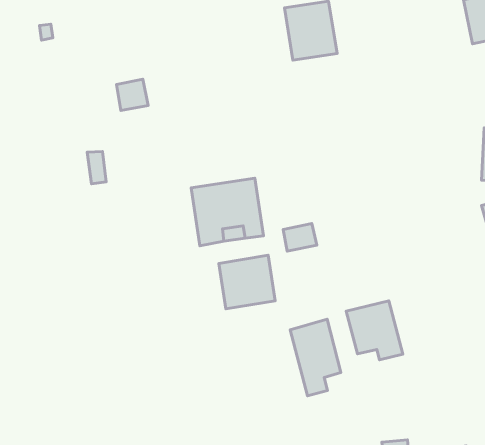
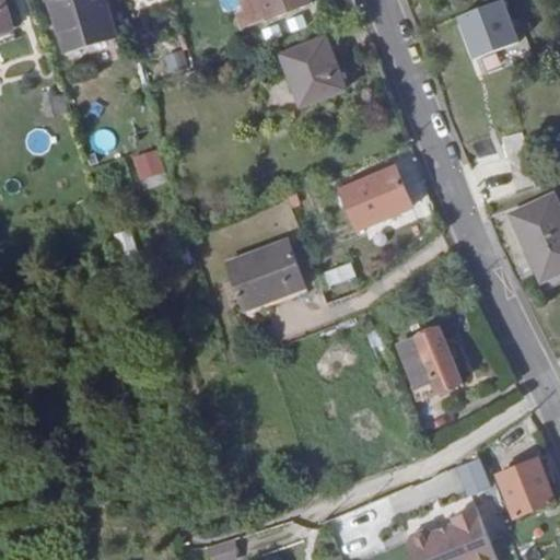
building: none -> [342,171,412,232]
building: [219,255,275,309] -> none
building: [290,319,341,396] -> none

